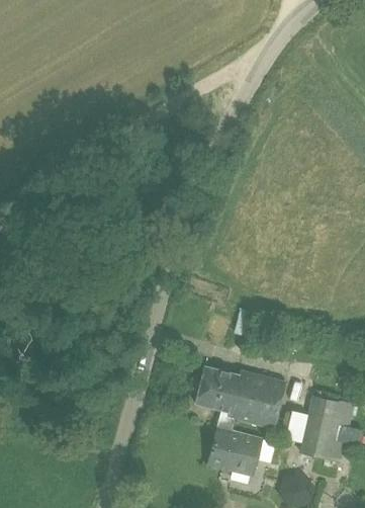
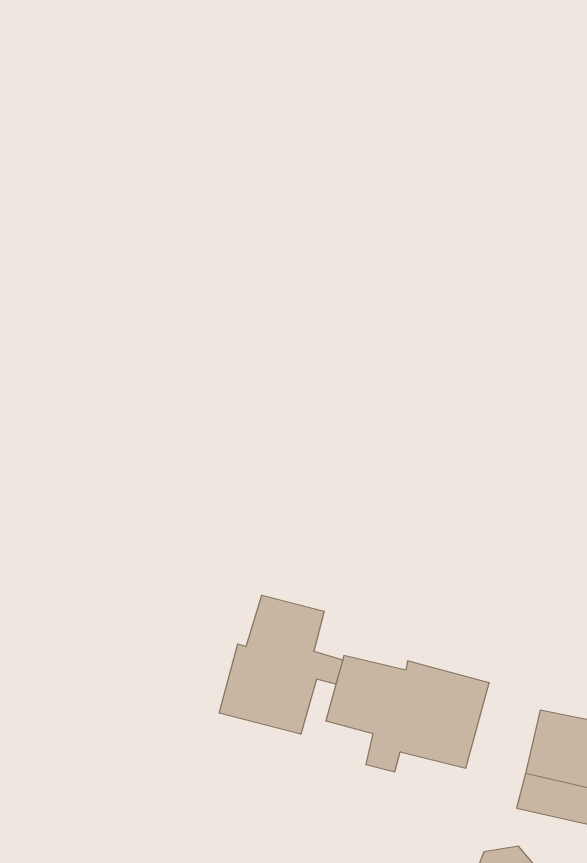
building: none -> [219,595,343,734]
building: [207,427,262,476] -> none

